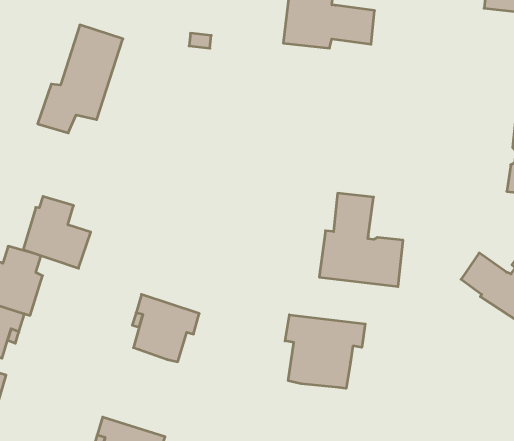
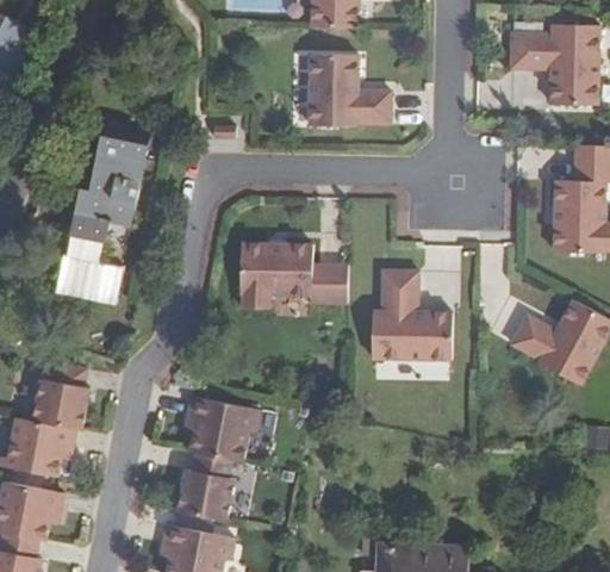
building: none -> [239,244,348,311]
building: [23,196,91,268] -> [55,235,122,304]
building: [285,315,365,388] -> none
building: none -> [178,453,232,521]

